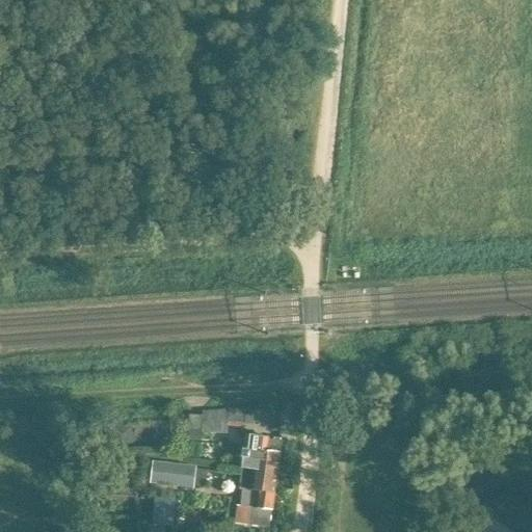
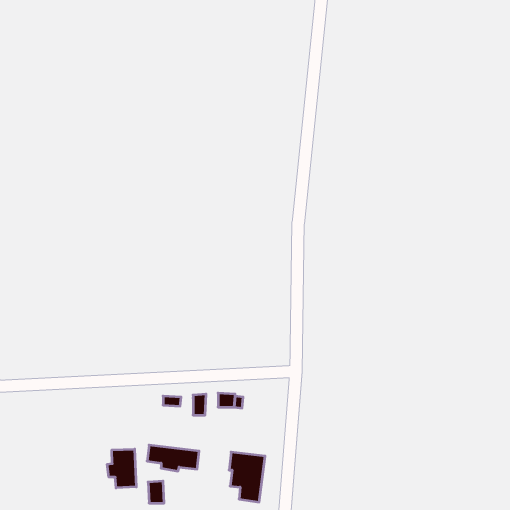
building: [240,433,280,474] -> none
building: none -> [107,449,136,488]

